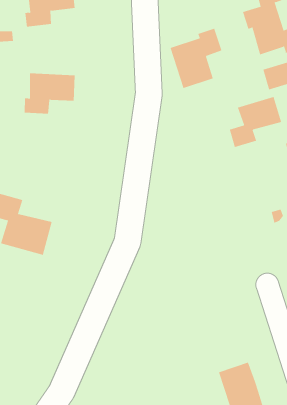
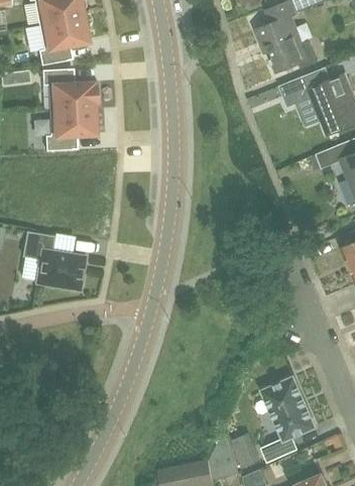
building: [170,28,222,89] -> none
building: none -> [42,69,97,110]
building: [229,96,282,148] -> none

